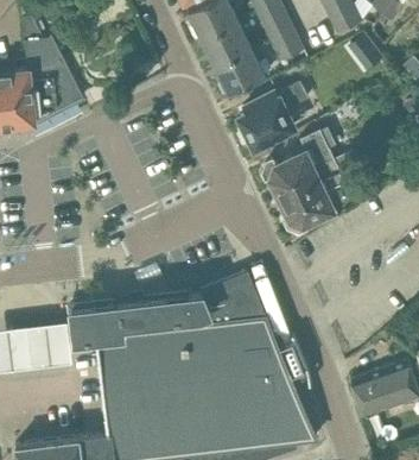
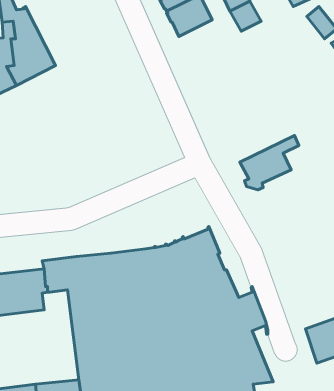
building: [215,51,265,96] -> none
building: [240,82,307,149] -> none
building: [261,134,356,203] -> none

